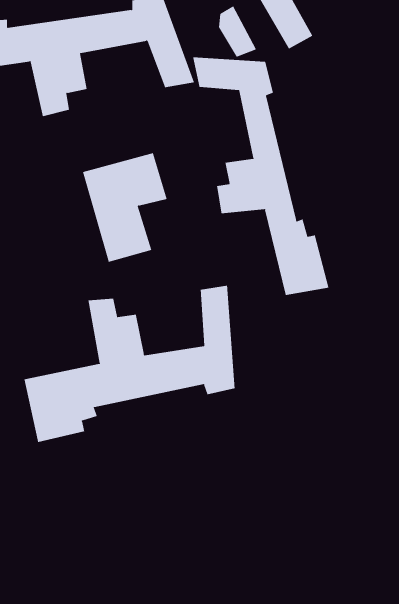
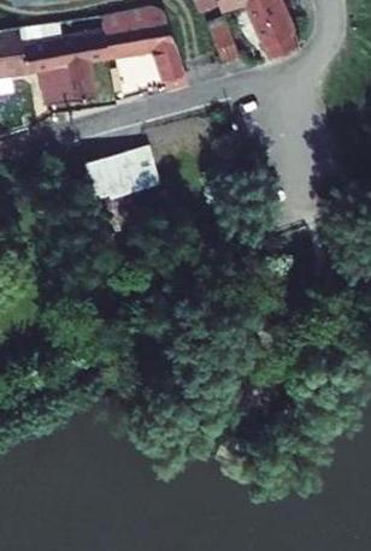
building: [193,57,329,296] -> none
building: [24,285,235,443] -> none

